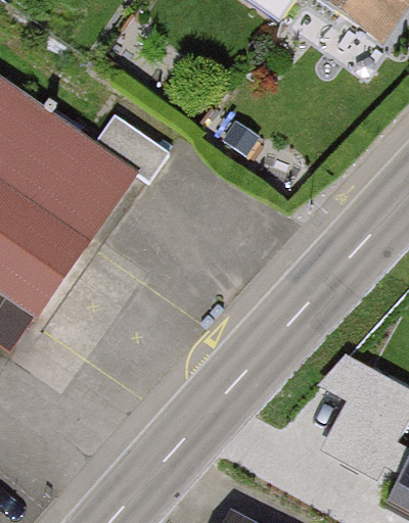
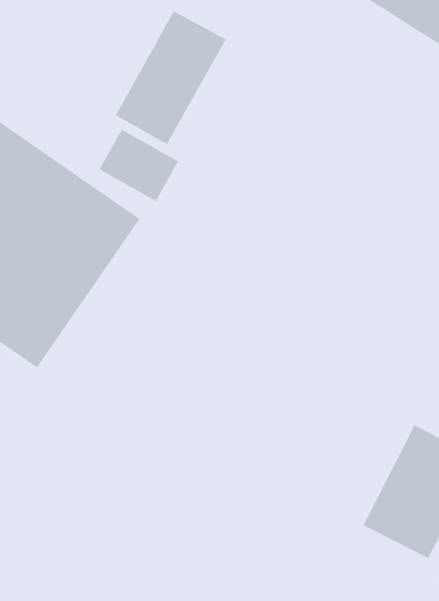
building: none -> [115,10,227,145]

